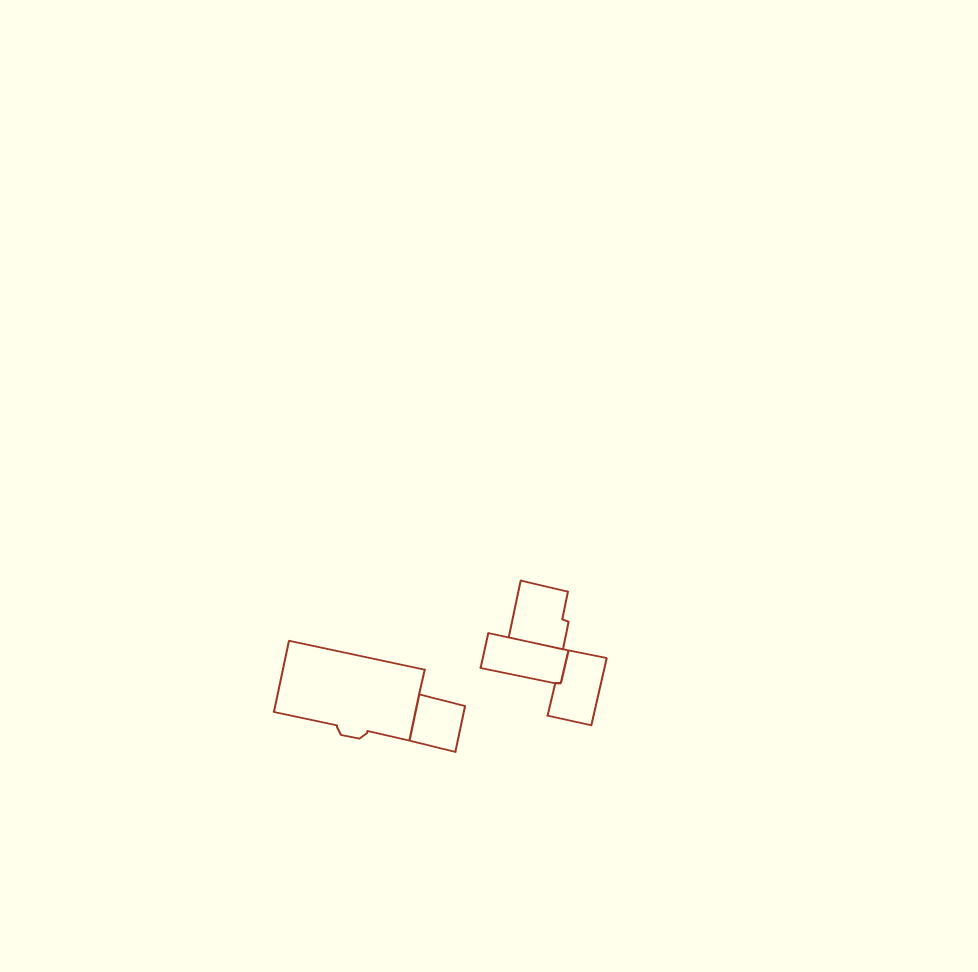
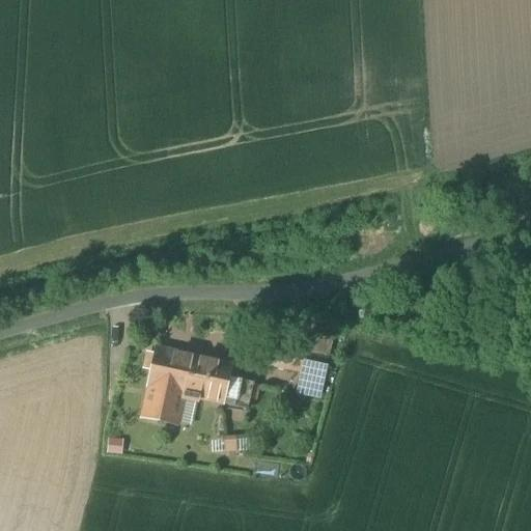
building: [509,580,569,649] -> none
building: none -> [142,386,183,423]

